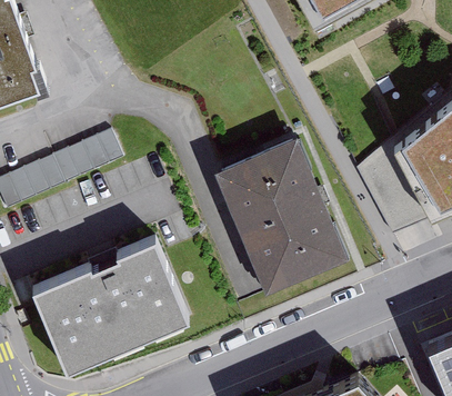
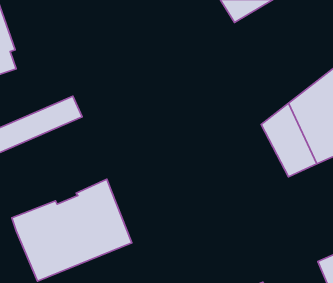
building: [214,141,345,296] -> none

